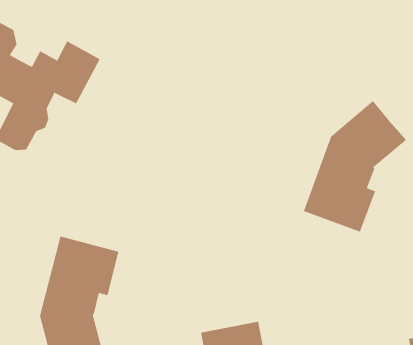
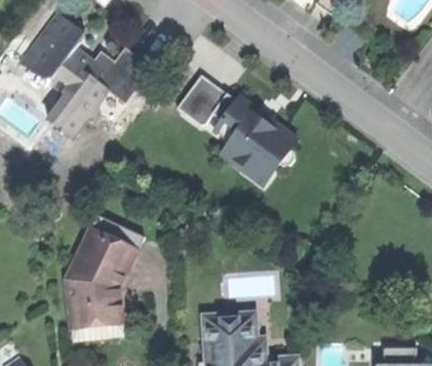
building: none -> [178,75,298,169]
building: [303,100,407,232] -> none

